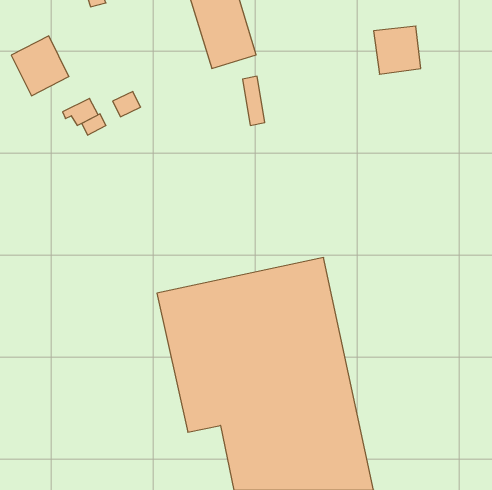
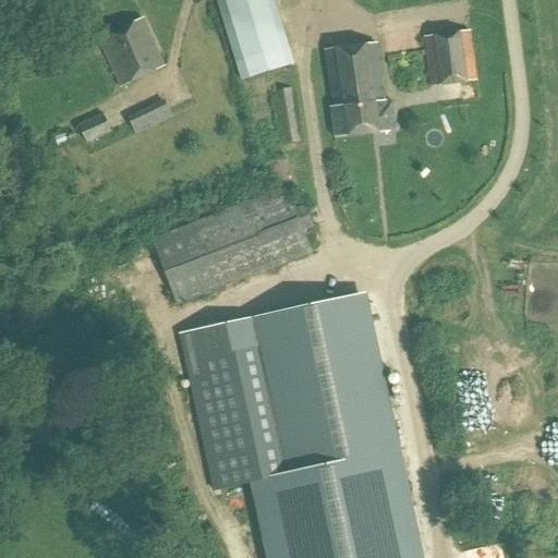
building: none -> [326,40,396,135]
building: [11,36,69,96] -> [99,16,165,84]
building: none -> [150,183,314,303]

